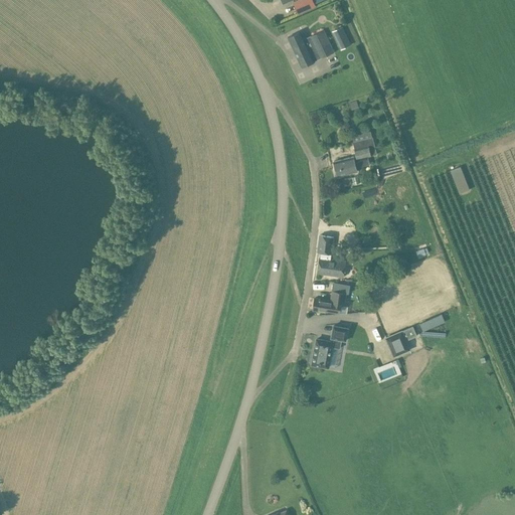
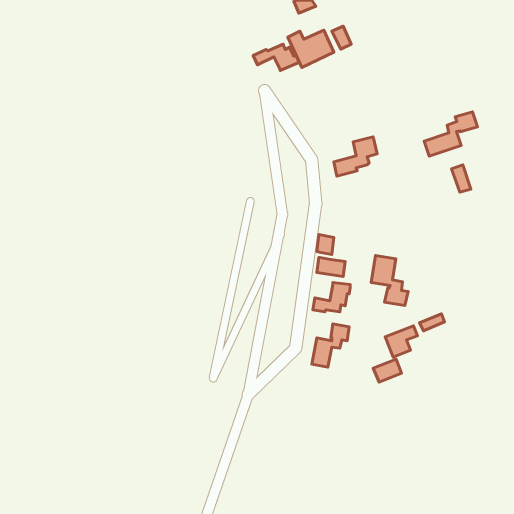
building: none -> [253,44,299,70]
building: none -> [424,112,478,156]
building: none -> [371,255,408,306]

